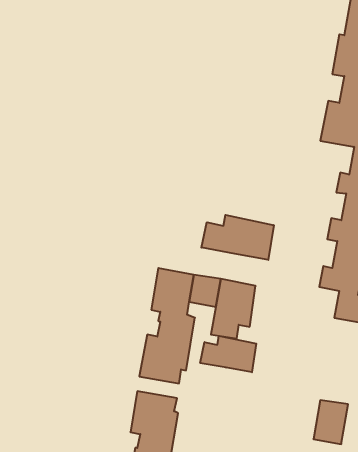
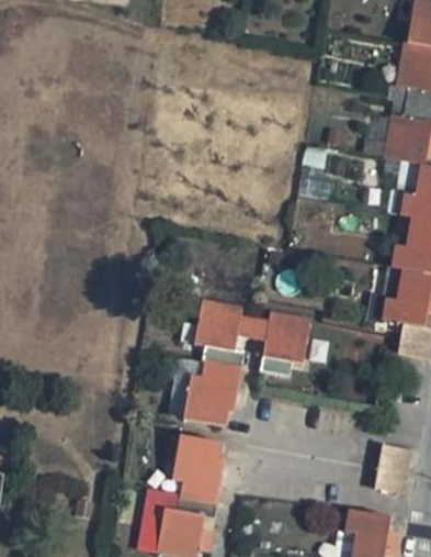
building: [201,215,274,260] -> none
building: [200,336,256,372] -> none

